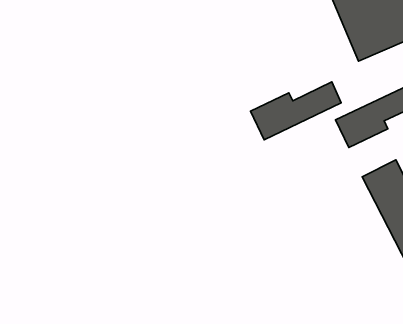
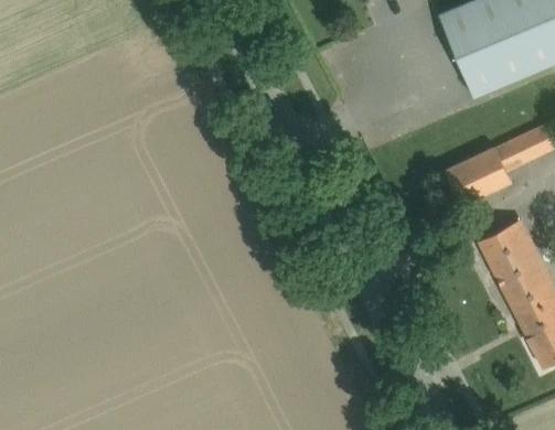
building: [250,82,341,140] -> none

